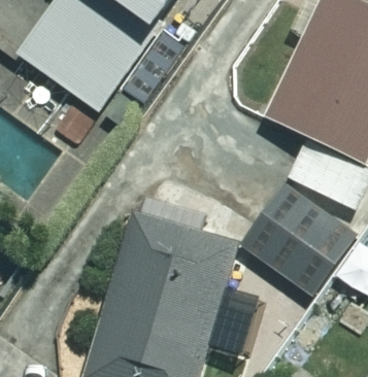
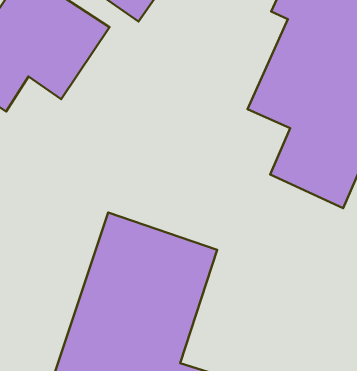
building: [240,181,356,292] -> none

